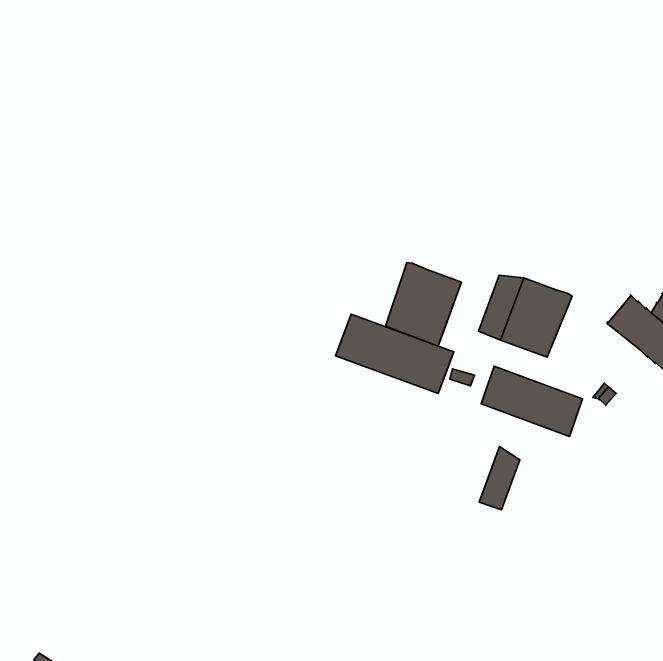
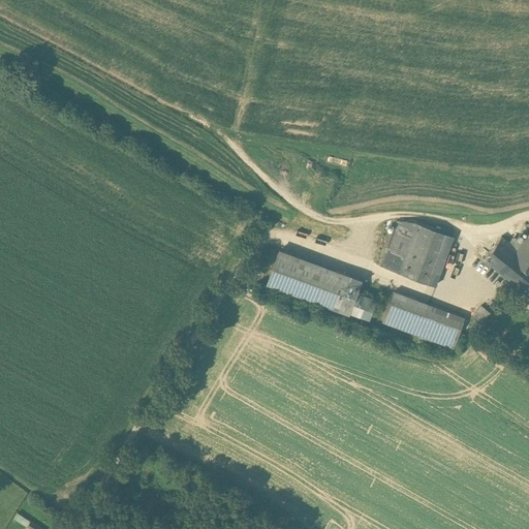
building: [385,262,462,346] -> none
building: [479,446,520,510] -> none

